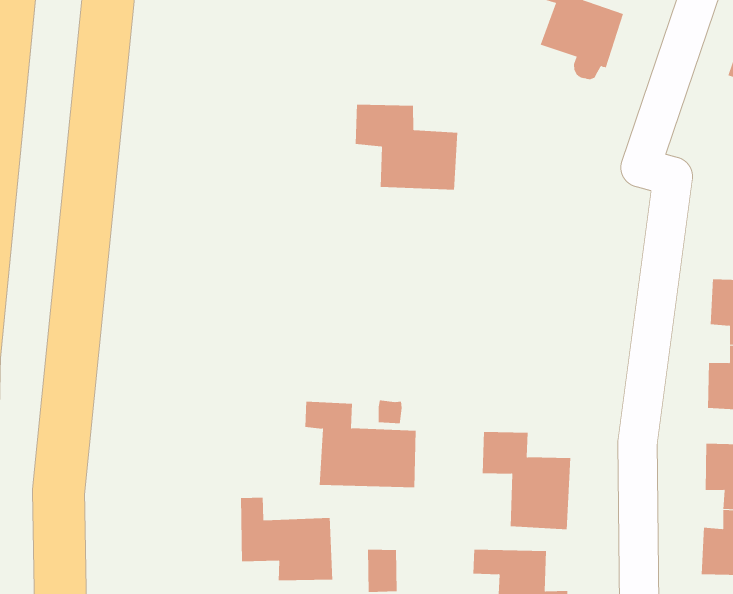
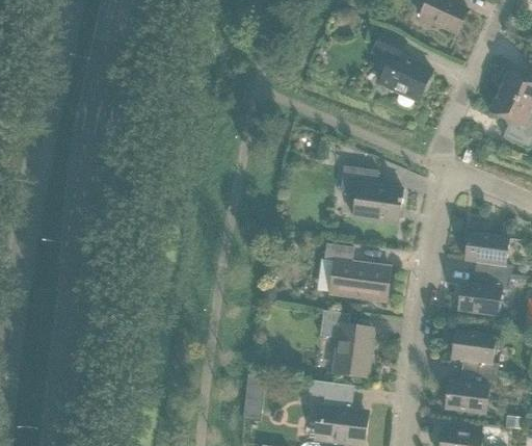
building: [355,104,458,190] -> [341,166,403,224]
building: [305,401,416,488] -> [324,243,391,301]
building: [240,497,333,581] -> none

